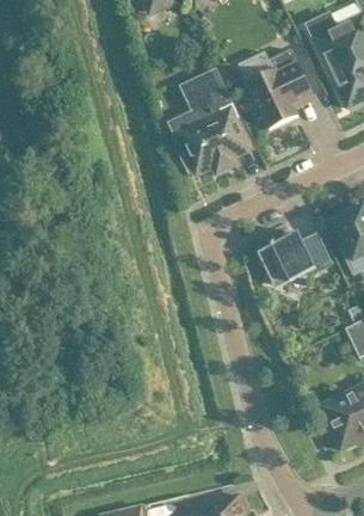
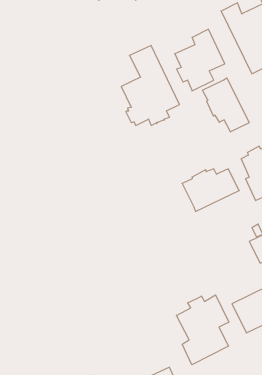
building: none -> [203,78,249,132]
building: none -> [176,295,229,365]

